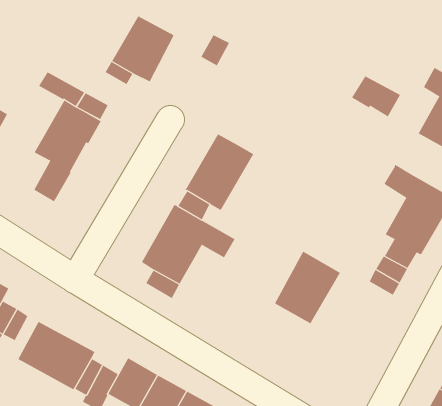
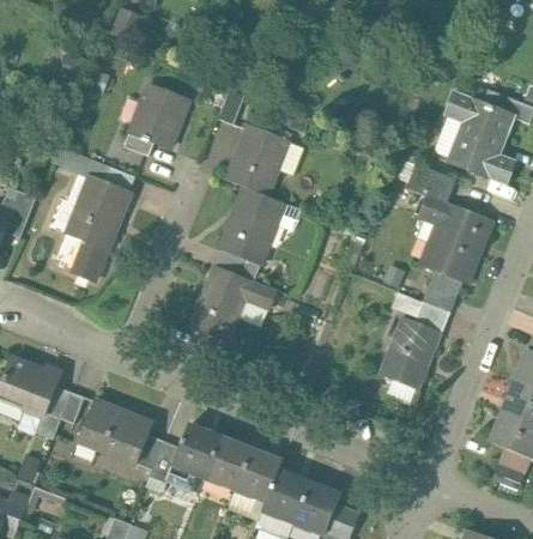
building: none -> [229,126,290,196]
building: [351,76,401,117] -> [406,164,455,202]
building: [274,251,341,324] -> [378,317,441,389]

